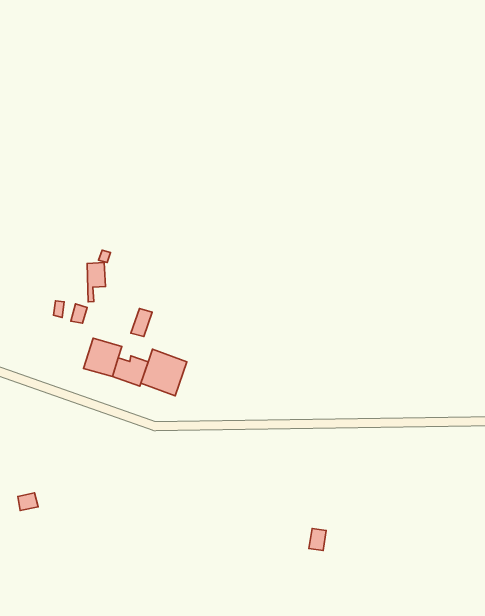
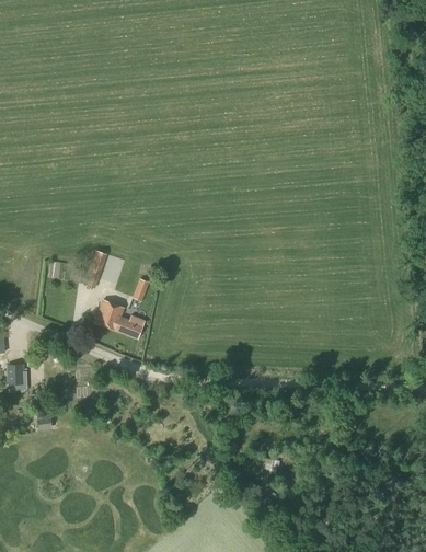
building: [141,349,187,396] -> none

